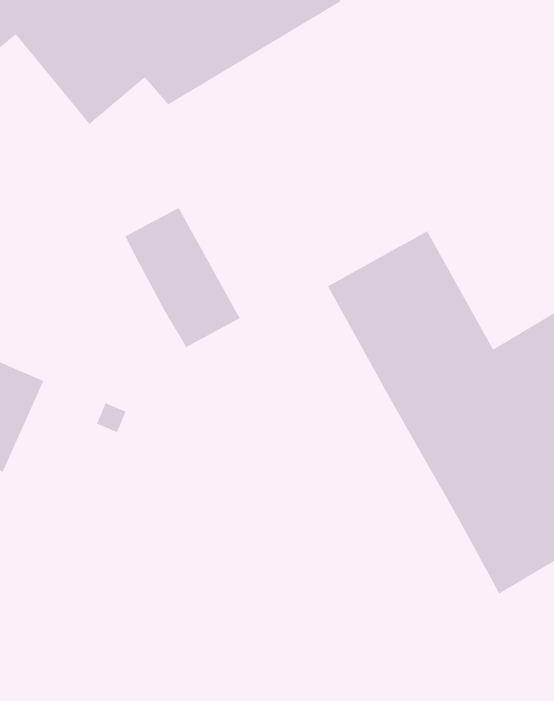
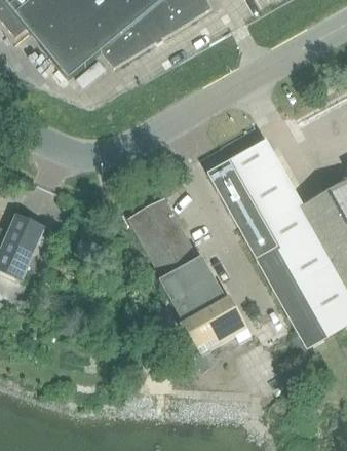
building: [124,207,241,348] -> none
building: none -> [127,196,252,363]

